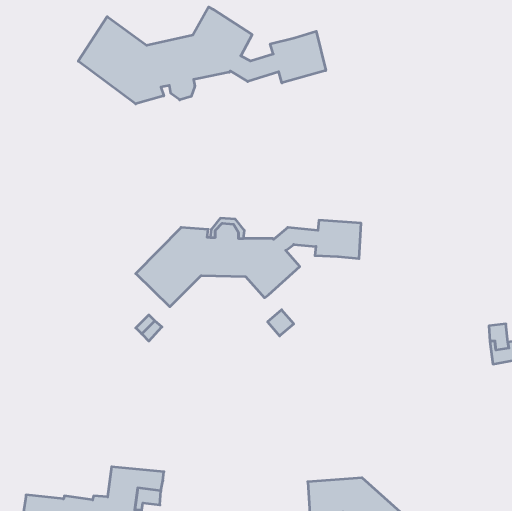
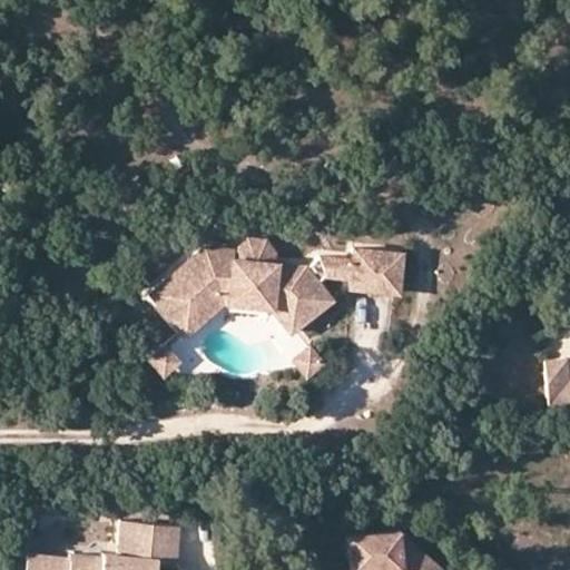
building: [78,7,326,104] -> none

